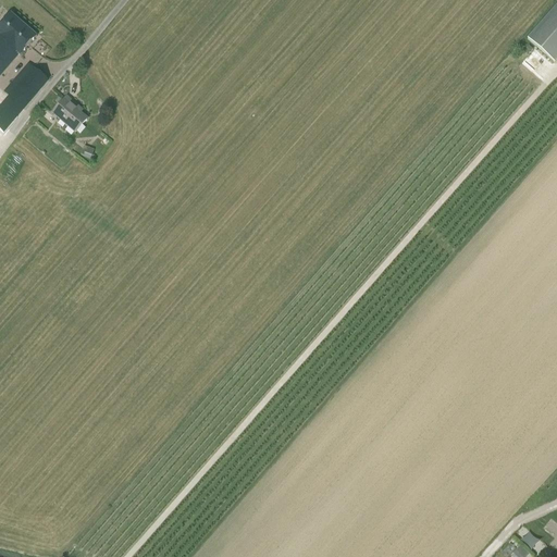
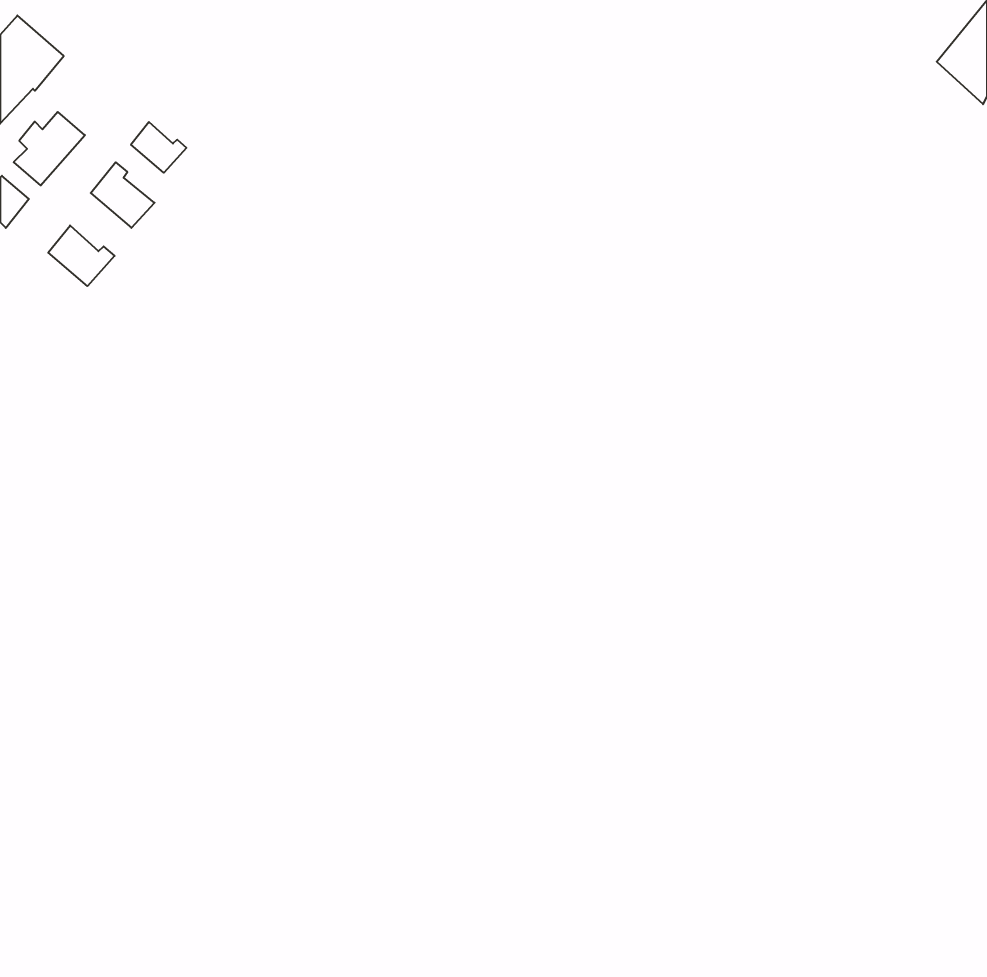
building: none -> [131,122,186,173]
building: none -> [48,225,115,286]

